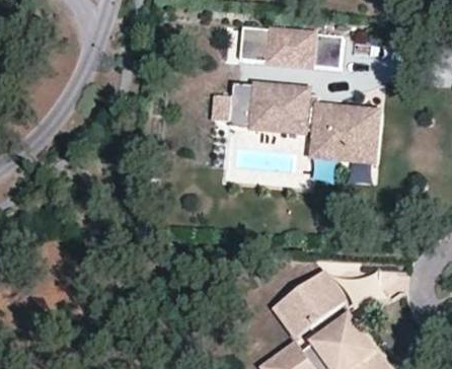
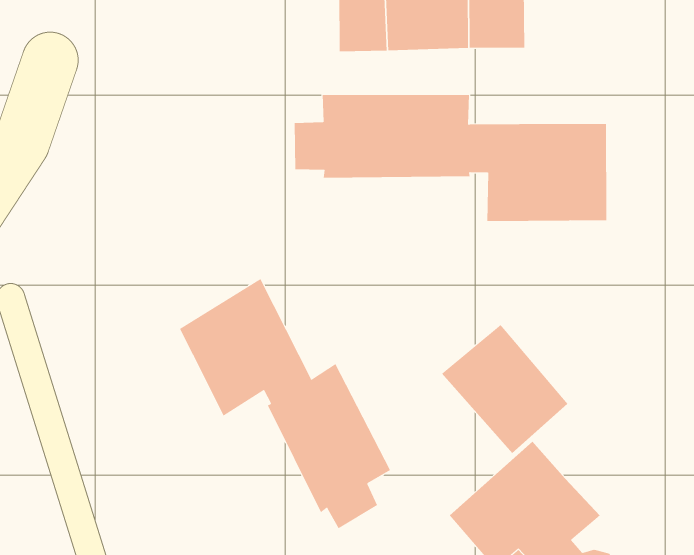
building: none -> [179,278,391,529]
building: none -> [441,324,568,454]

